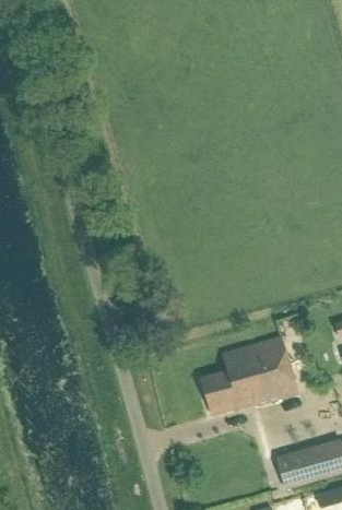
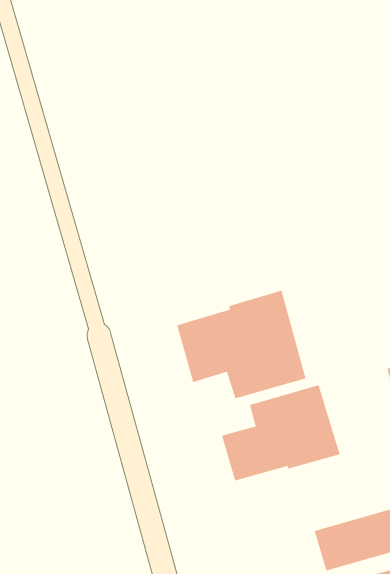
building: none -> [176,290,306,399]

